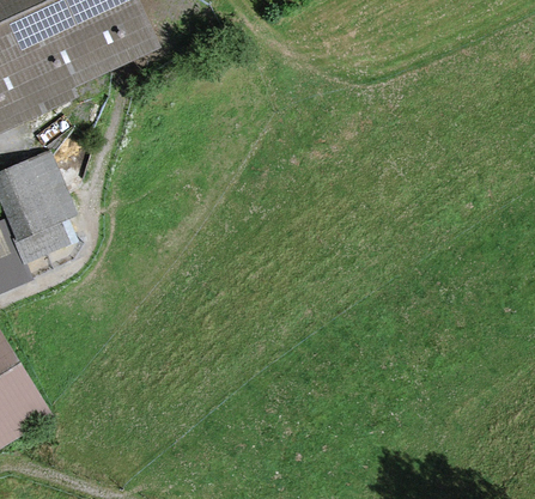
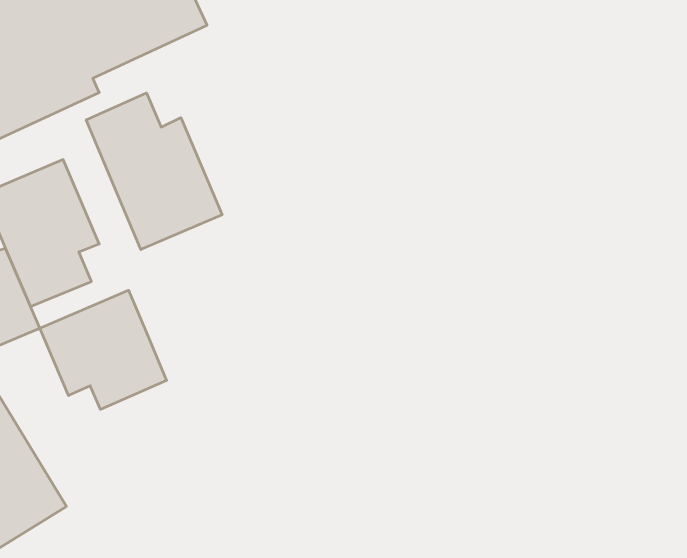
building: none -> [86,93,222,250]
building: none -> [40,290,167,409]

